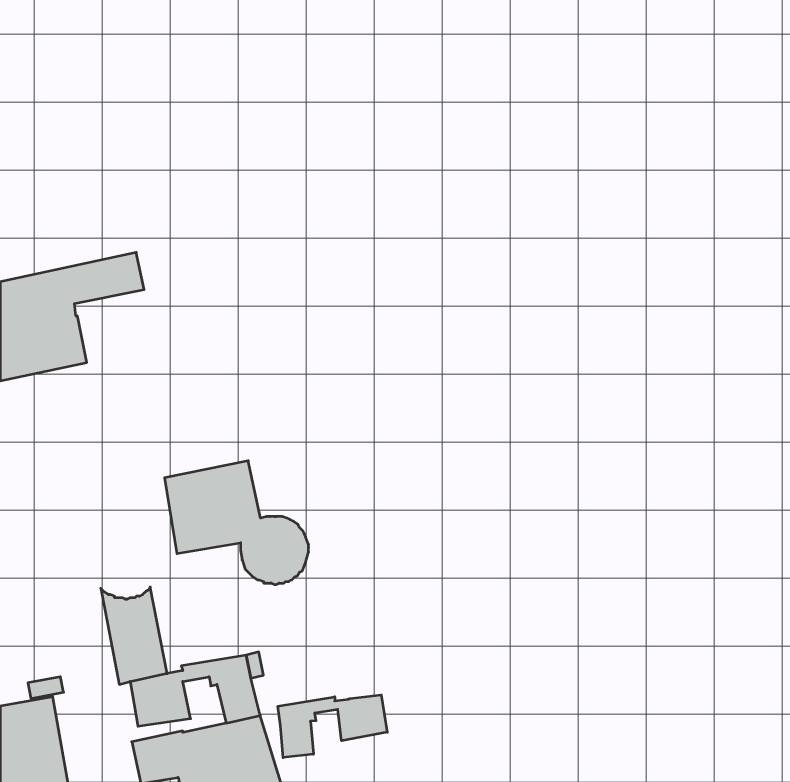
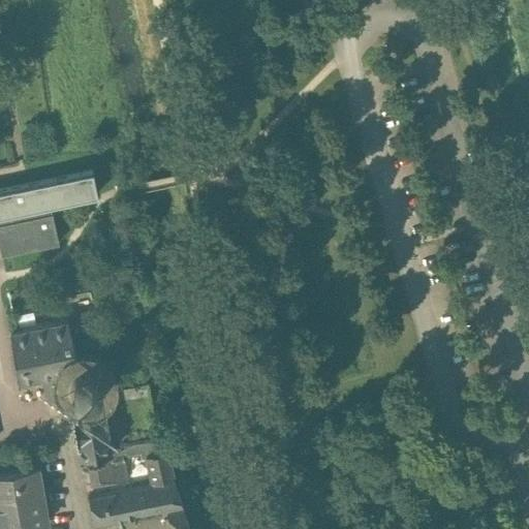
building: [165,461,309,585] -> [11,323,107,406]
building: [278,695,387,758] -> none

